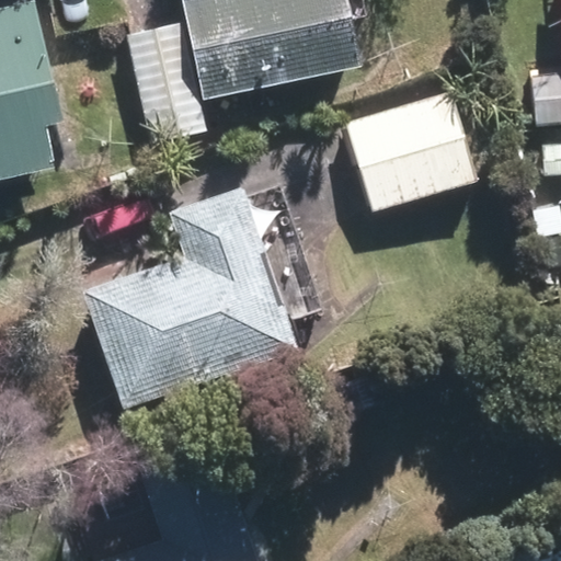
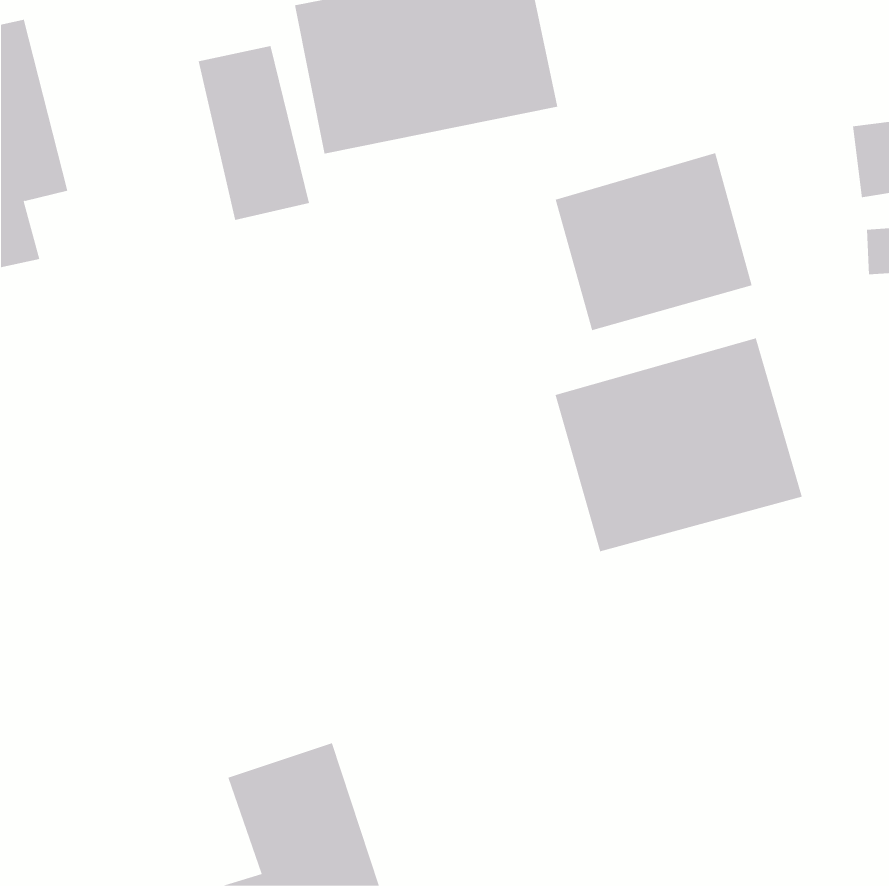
building: [88,202,278,402] -> none
building: none -> [555,338,802,552]

